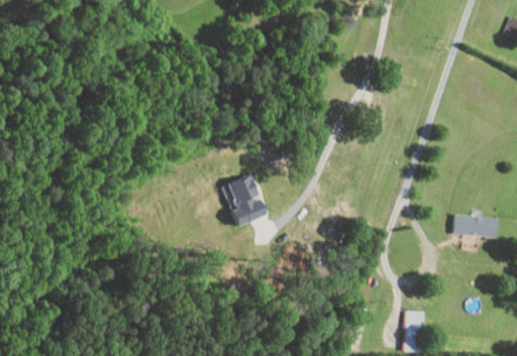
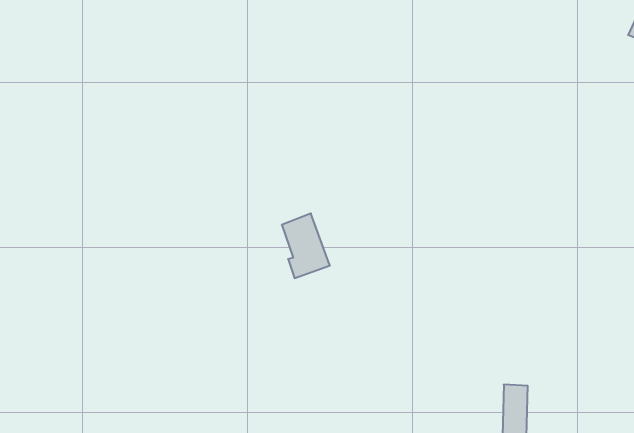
building: [453,215,498,236] -> none

